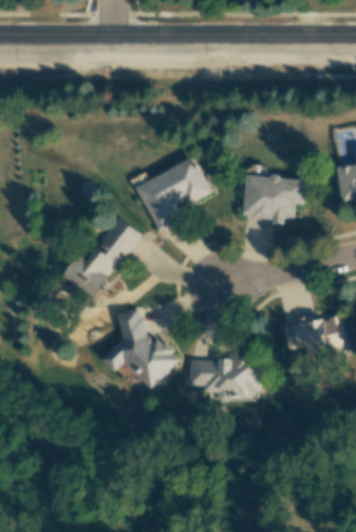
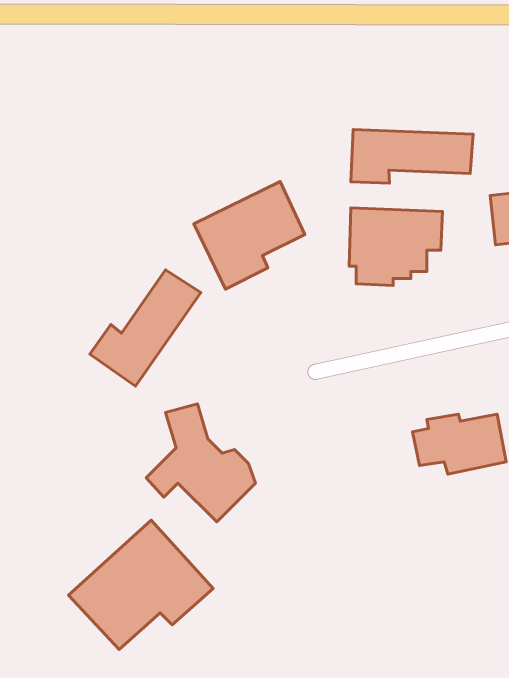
building: none -> [351,129,473,183]
building: [191,358,259,400] -> none
building: none -> [68,520,213,649]

